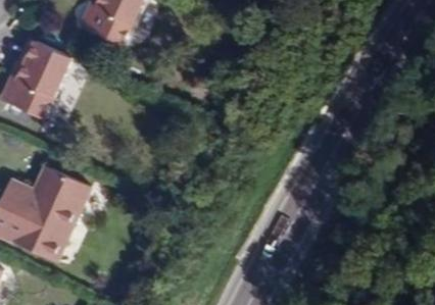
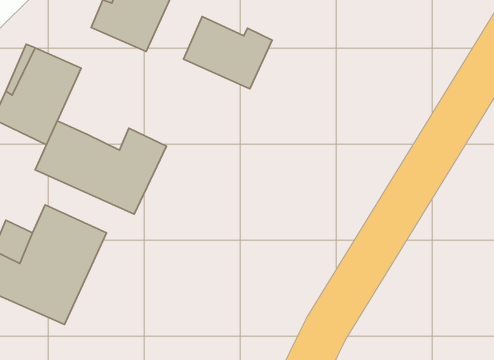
building: none -> [183,17,272,89]
building: none -> [35,121,166,214]

